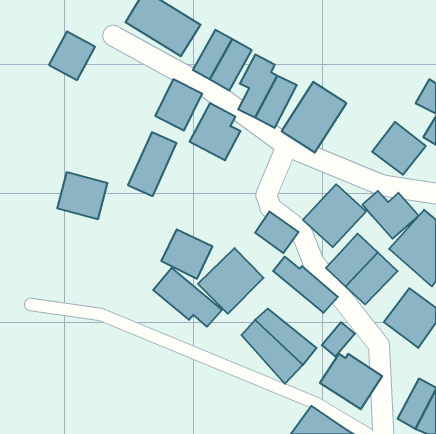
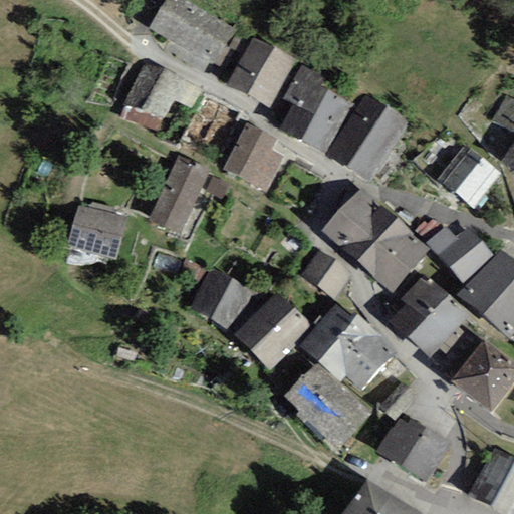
building: [49,31,95,80] -> [126,60,181,117]
building: none -> [322,187,396,259]
building: [153,268,222,327] -> [299,319,380,389]

